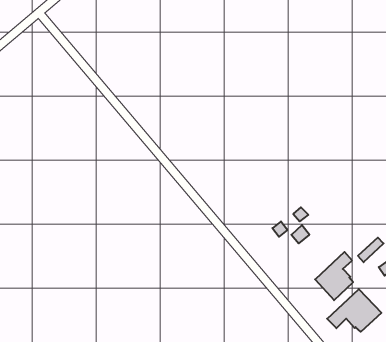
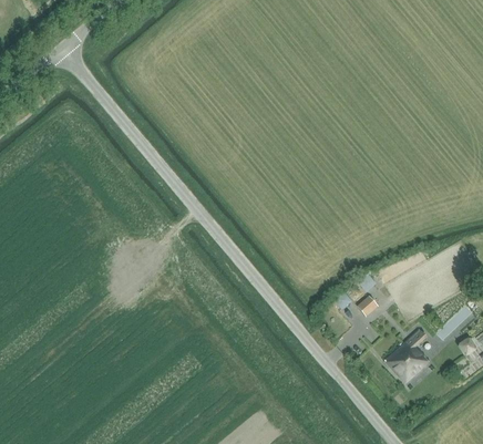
building: [327,289,381,332] -> none

